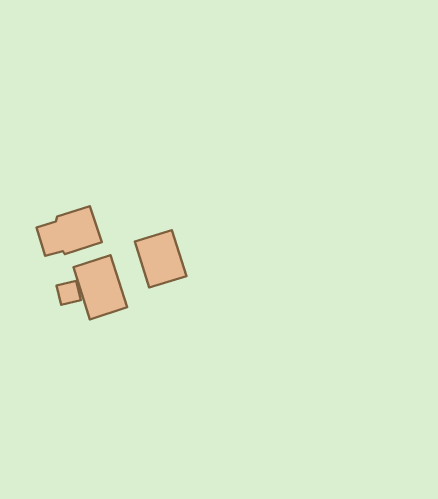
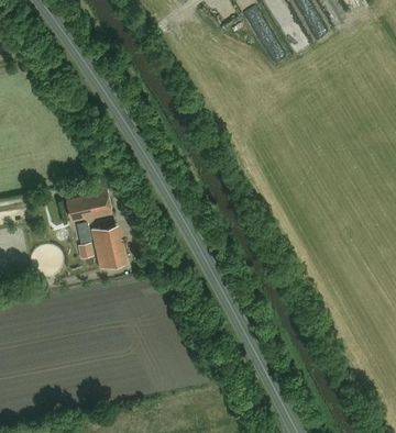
building: [135,230,187,287] -> none

